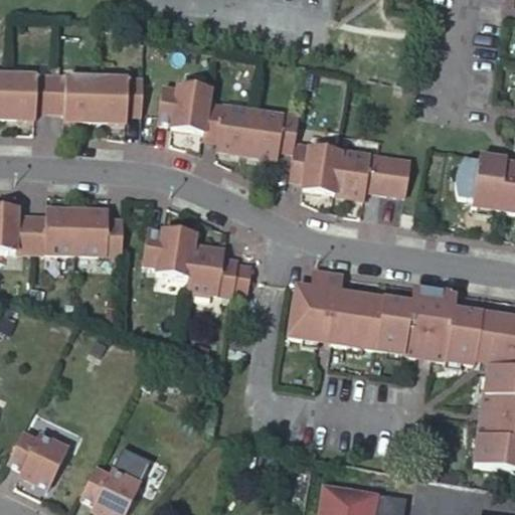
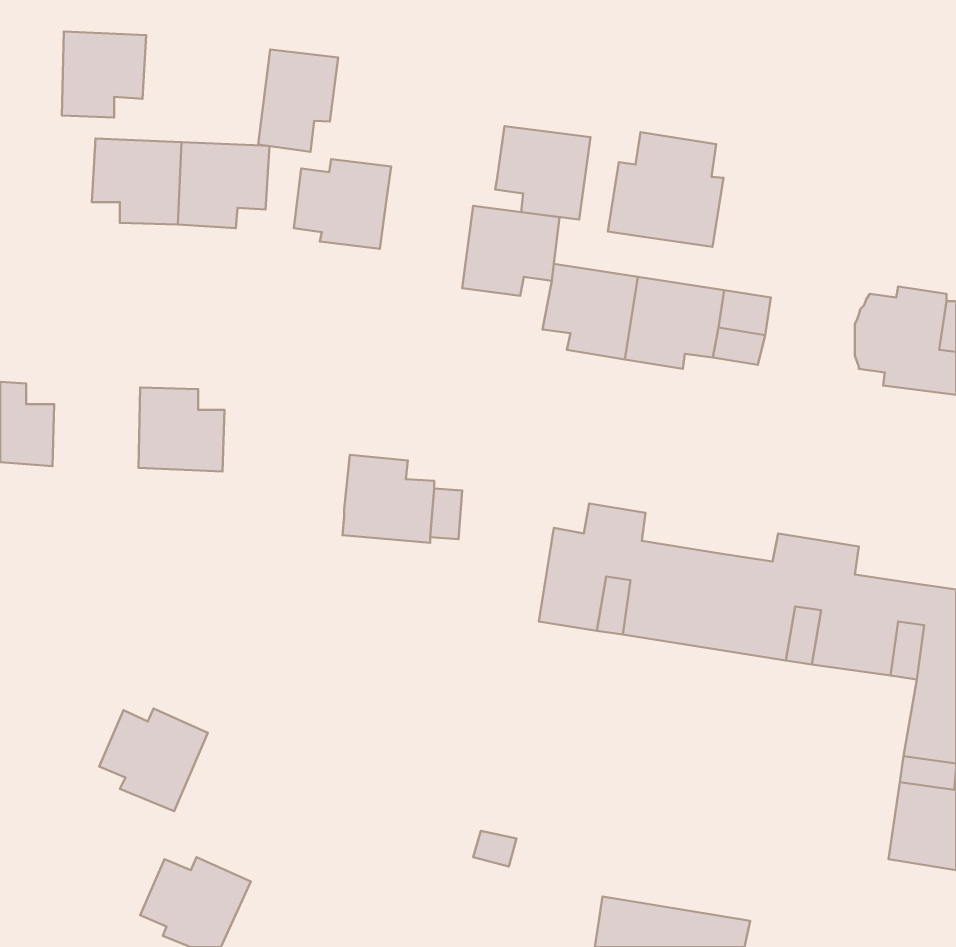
building: none -> [258,49,338,152]
building: none -> [608,132,723,247]
building: [6,72,51,119] -> [62,31,146,117]
building: [203,105,254,155] -> [495,126,590,220]
building: [28,207,75,251] -> none
building: [139,228,189,274] -> none
building: [4,430,62,485] -> [99,708,208,811]

